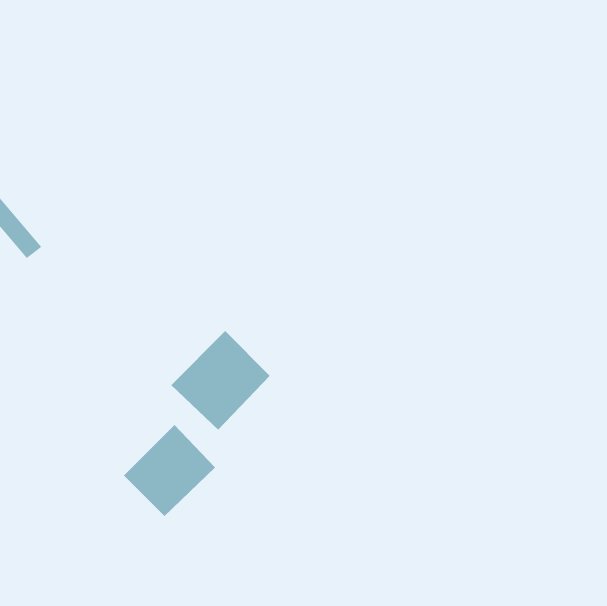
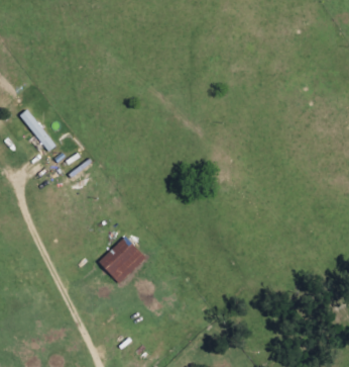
building: [170,330,271,430] -> none

